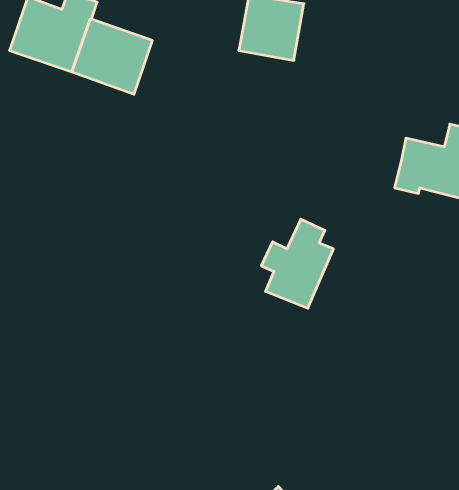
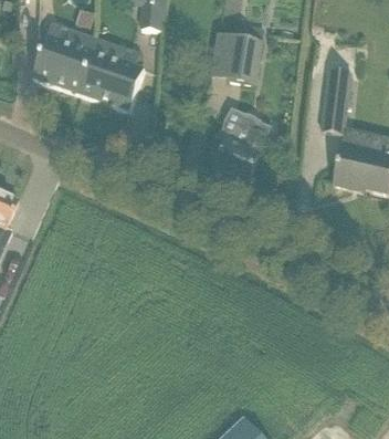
building: none -> [322,69,350,133]
building: [261,219,333,308] -> [211,112,267,181]

